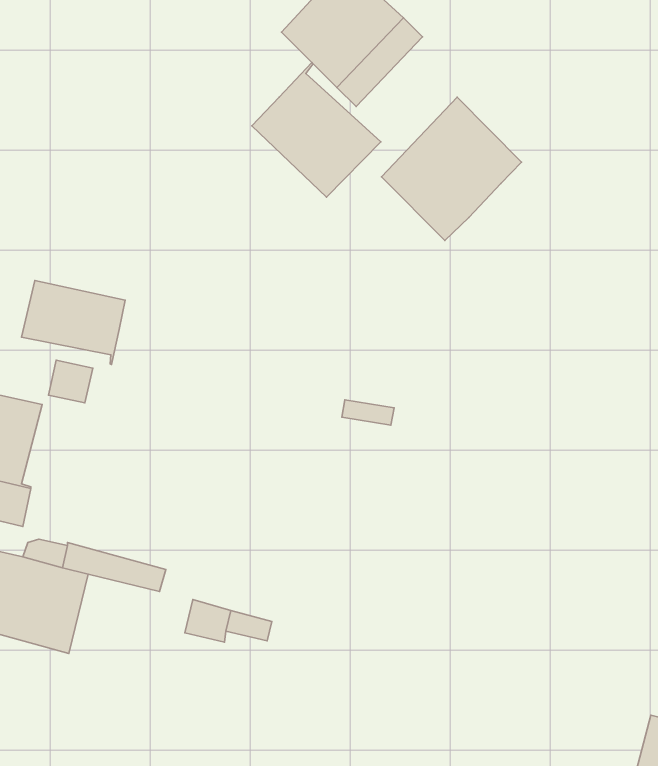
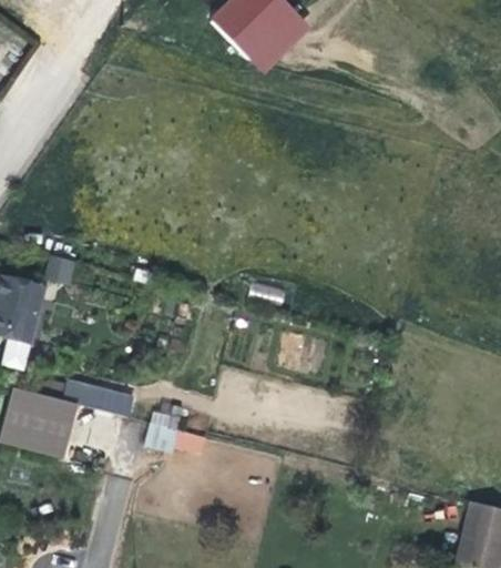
building: [252,63,381,197] -> none
building: [381,97,522,240] -> none
building: [21,281,125,364] -> none

